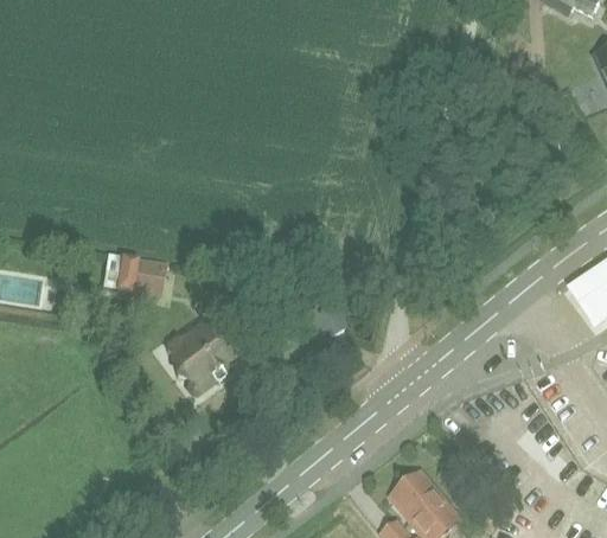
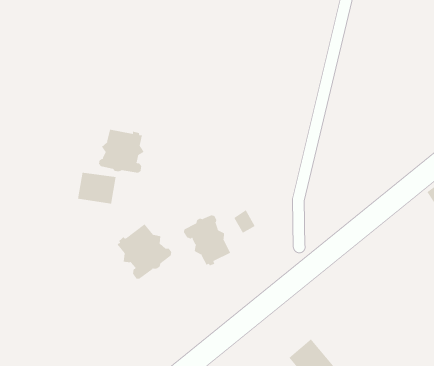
building: none -> [98,129,144,173]
building: none -> [183,214,231,266]

